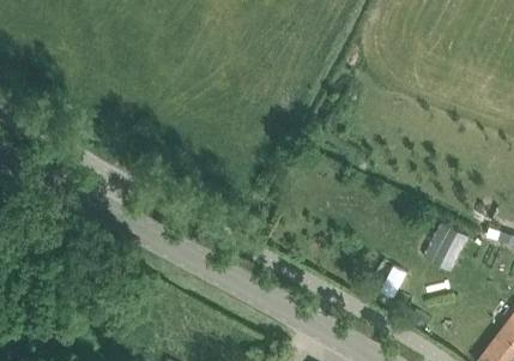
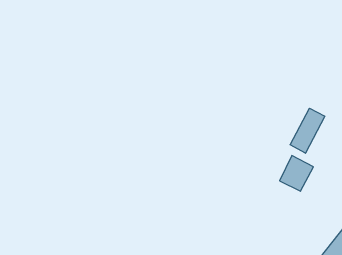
building: none -> [290,108,325,153]

